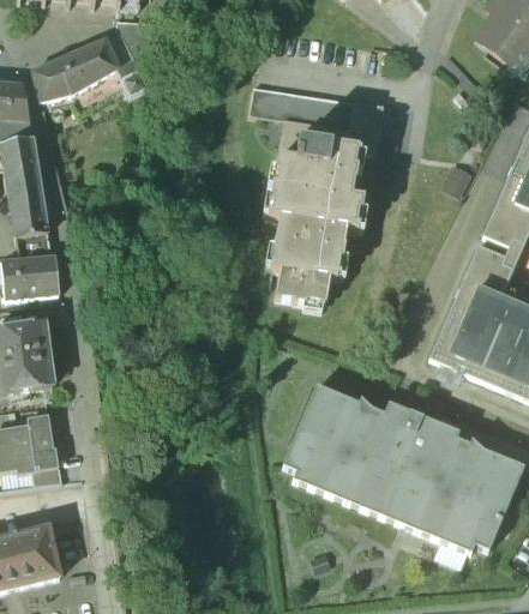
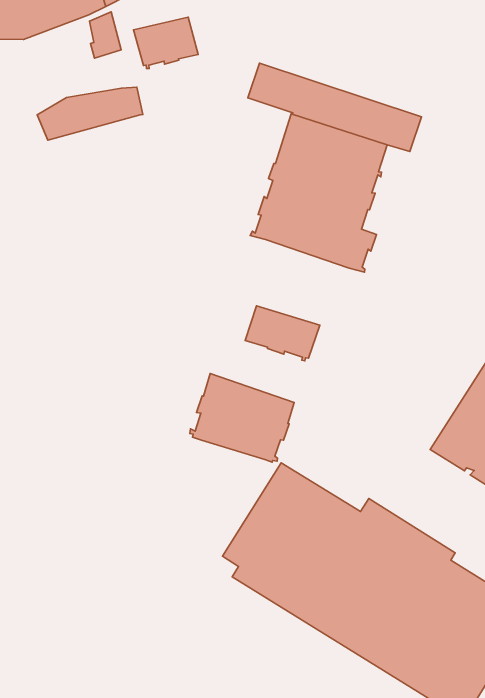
building: none -> [134,17,198,69]
building: none -> [37,87,143,140]
building: [270,216,345,276] -> [190,374,294,462]

